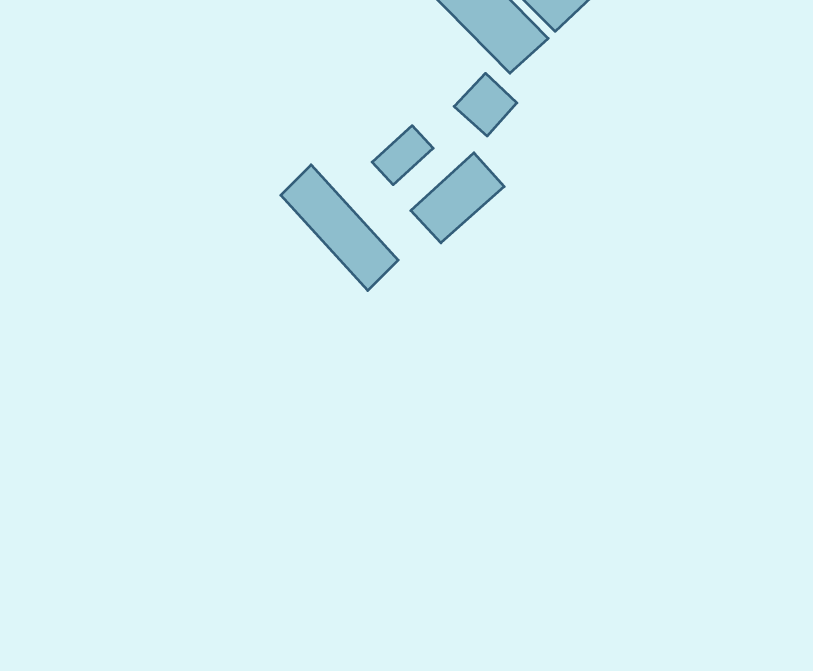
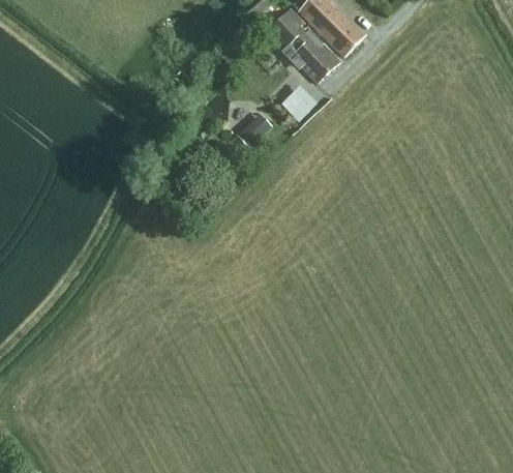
building: [411,153,504,243] -> none
building: [281,165,398,291] -> none

